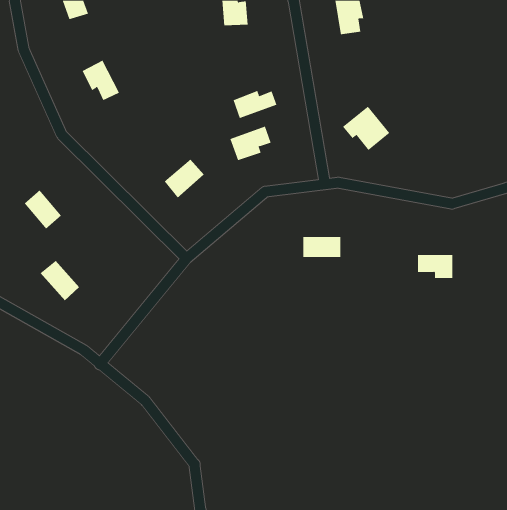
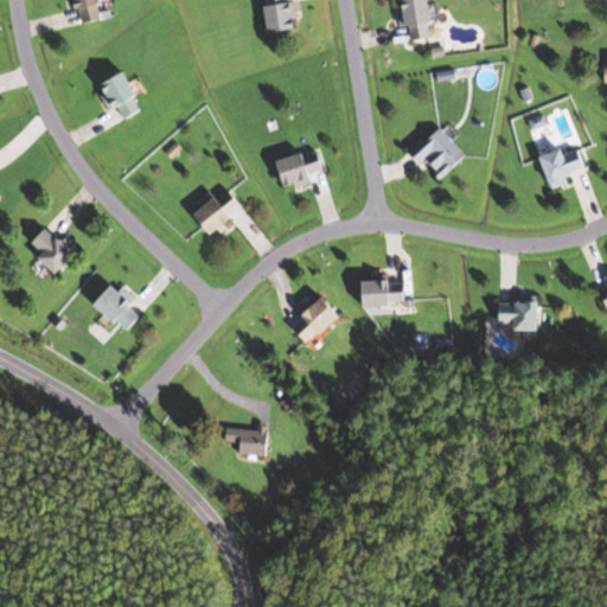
building: [233,90,277,119] -> none
building: none -> [538,149,586,186]
building: none -> [289,296,338,346]
building: [40,260,80,301] -> [94,285,141,333]
building: none -> [239,428,267,455]

